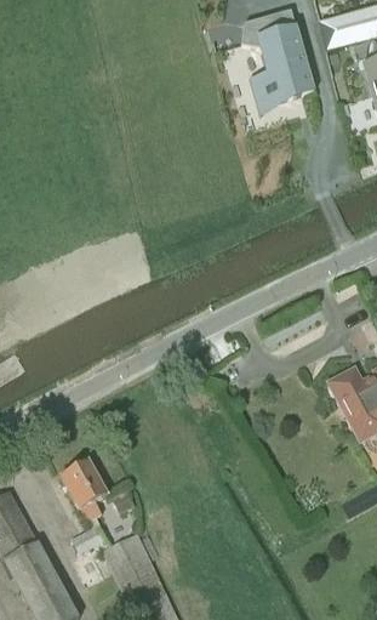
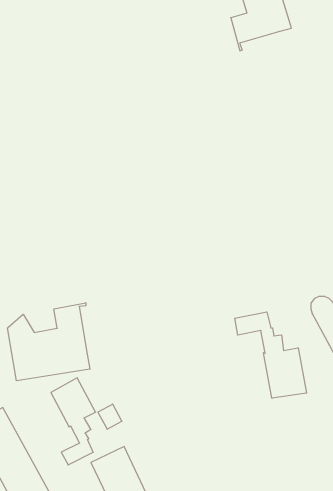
building: none -> [7,303,90,381]
building: none -> [235,312,307,398]

